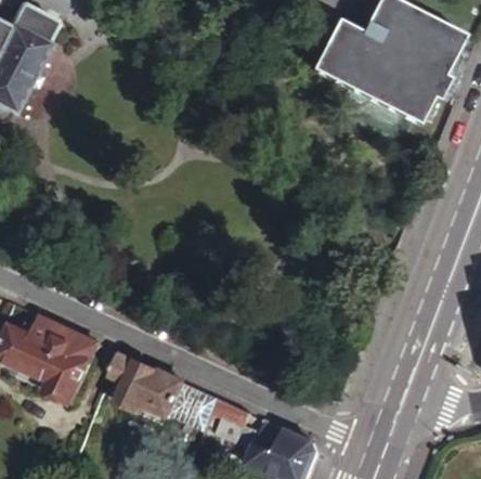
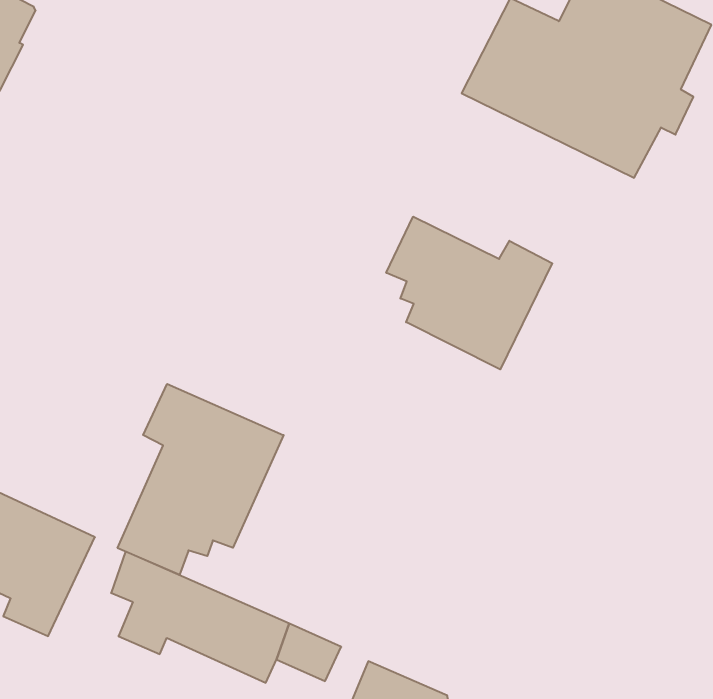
building: none -> [386,217,552,369]
building: none -> [118,384,284,575]

